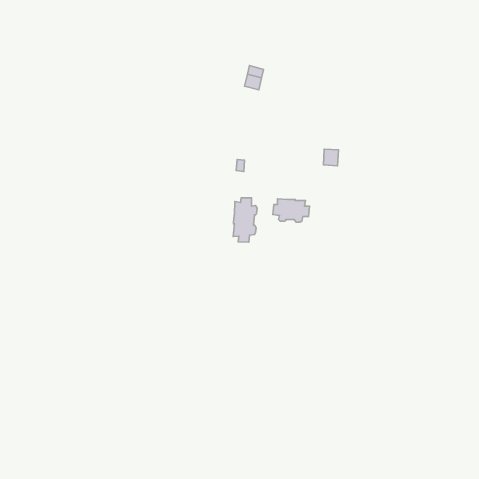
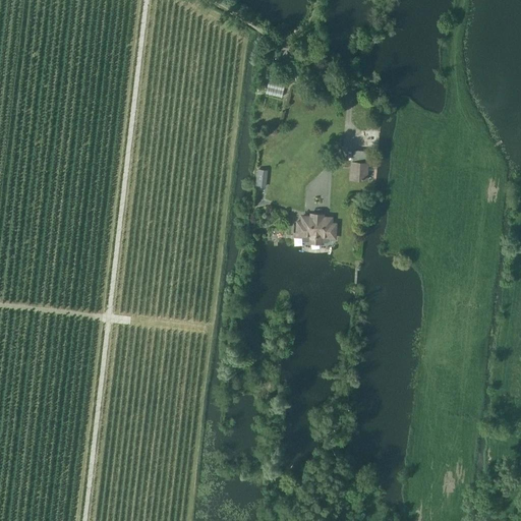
building: [233,198,257,242] -> none

